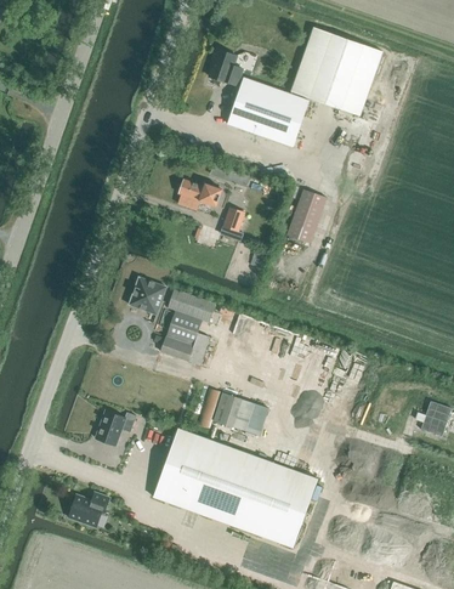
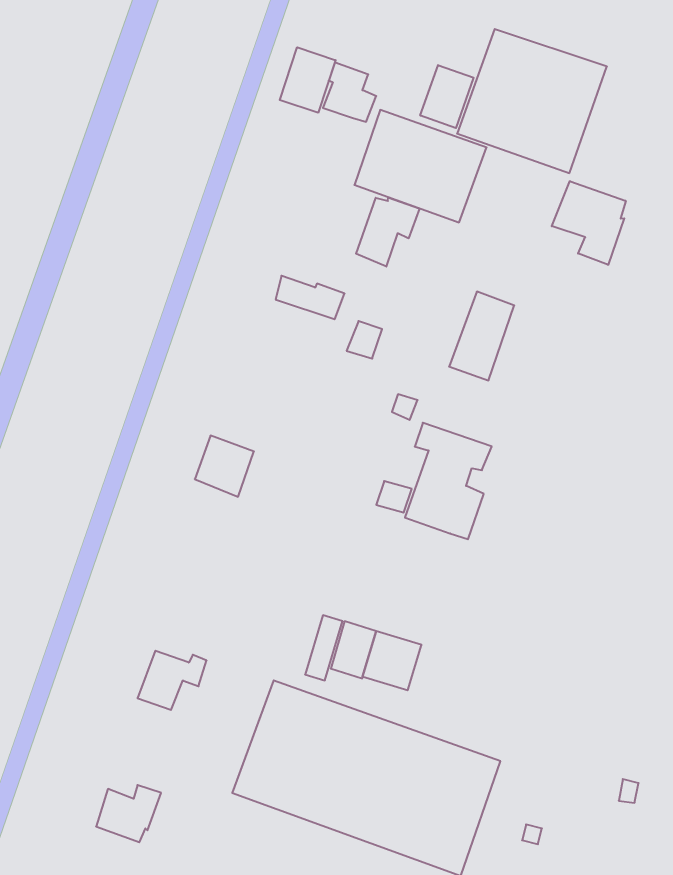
building: none -> [280,47,336,113]
building: none -> [420,65,474,128]
building: none -> [552,181,626,265]
building: none -> [356,197,420,267]
building: [160,293,214,364] -> [405,423,492,539]

